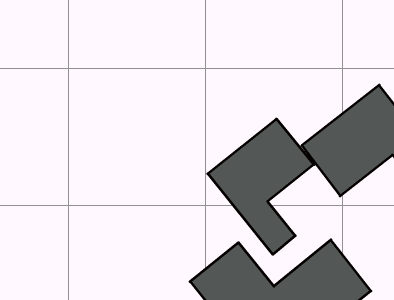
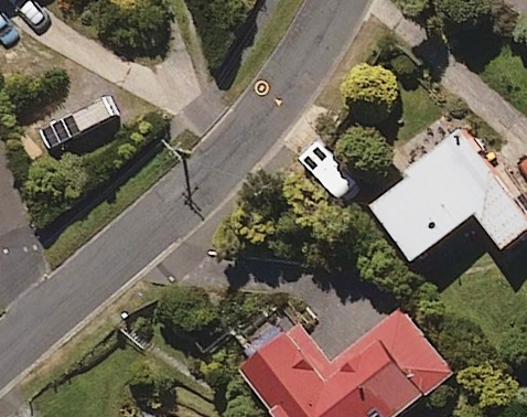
building: [208,119,314,254] -> none

